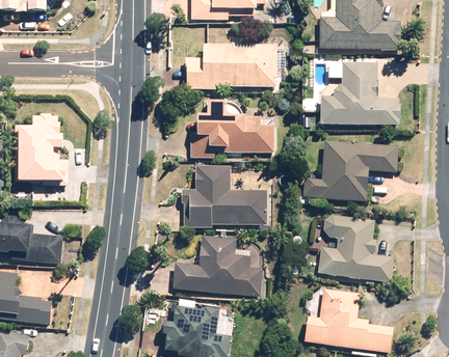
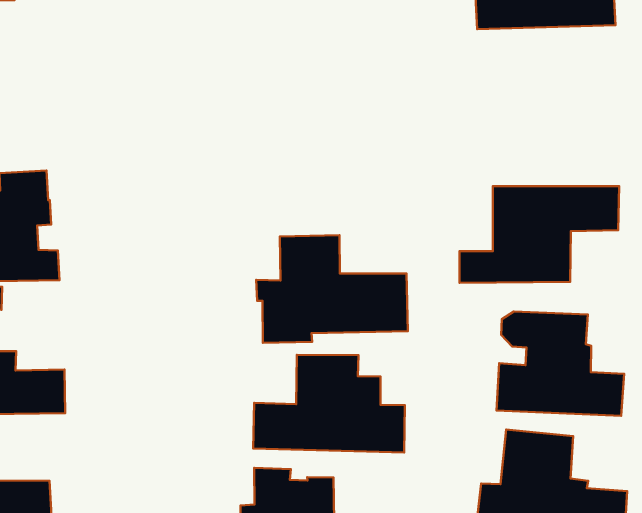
building: [186,44,278,89] -> none
building: [319,60,401,126] -> none
building: [189,99,275,157] -> none

